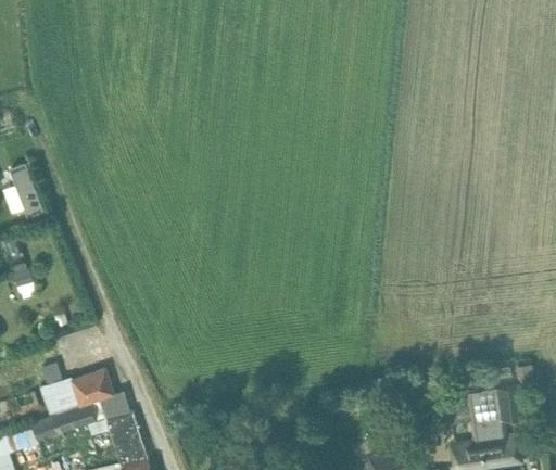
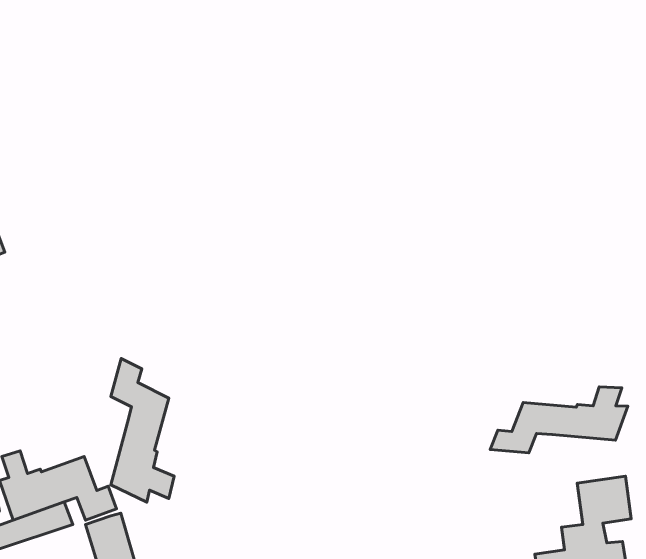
building: none -> [111,358,174,502]
building: none -> [490,387,628,453]

